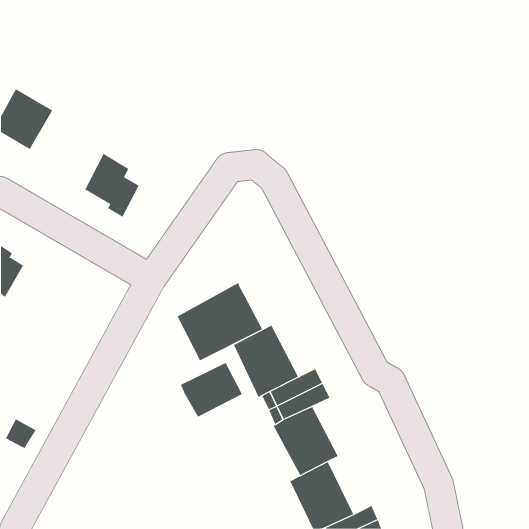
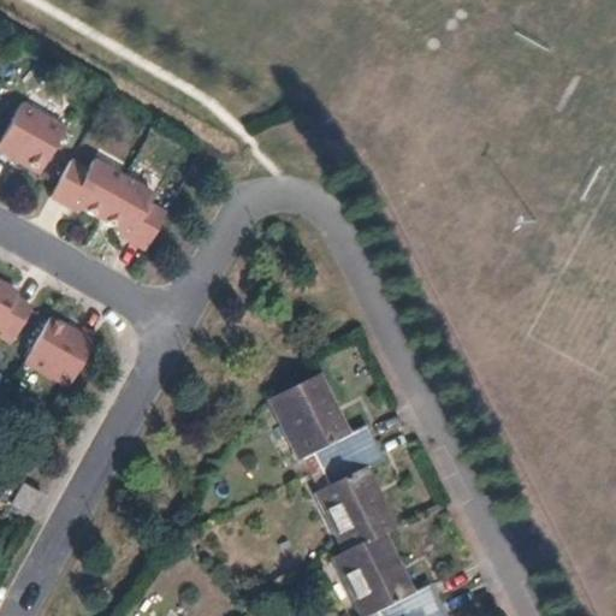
building: none -> [51,160,123,219]
building: none -> [23,316,94,389]
building: [177,282,263,361] -> none
building: [180,362,243,417] -> none

